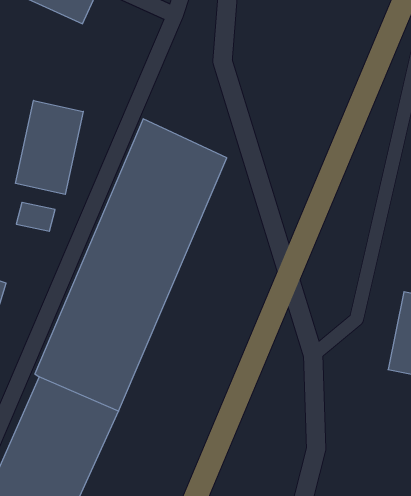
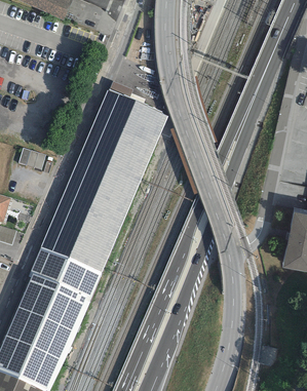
building: [16,100,83,194] -> none

